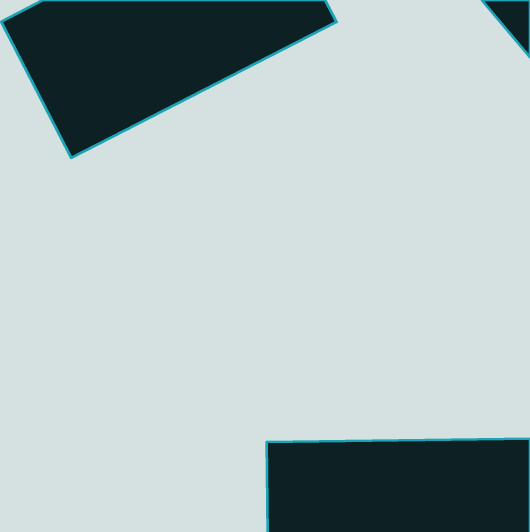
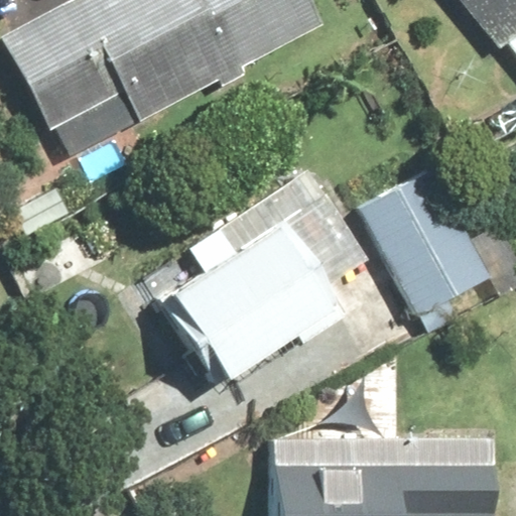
building: none -> [350,160,500,325]
building: none -> [164,211,351,385]

